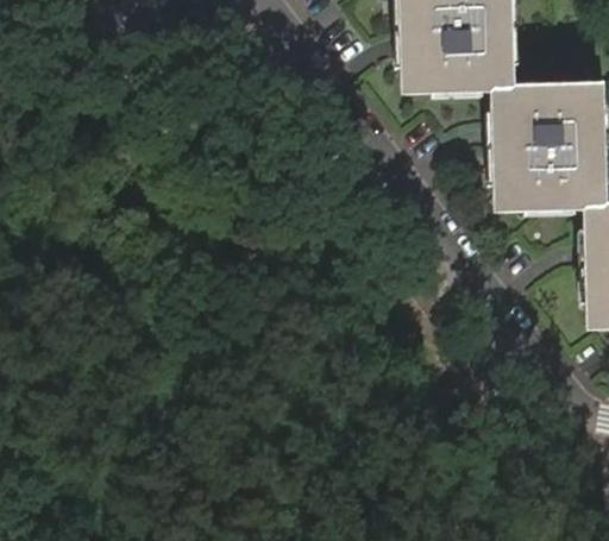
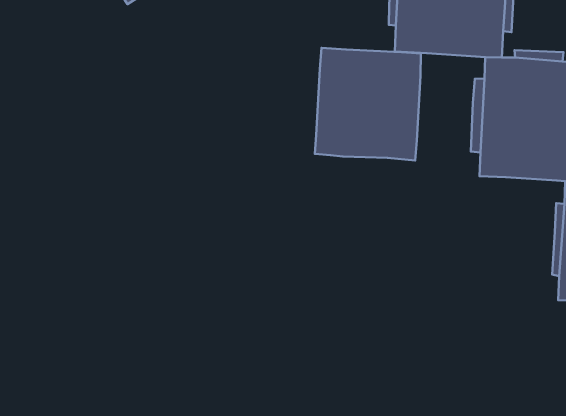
building: none -> [315,48,421,161]

